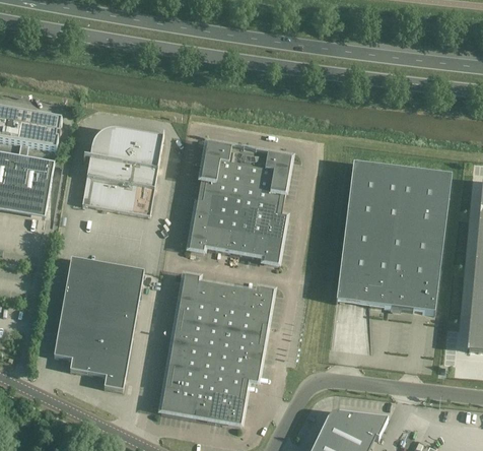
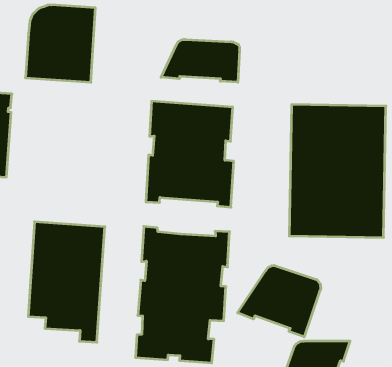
building: none -> [161,39,240,82]
building: [82,128,163,213] -> [25,5,95,82]
building: none -> [238,265,321,337]

